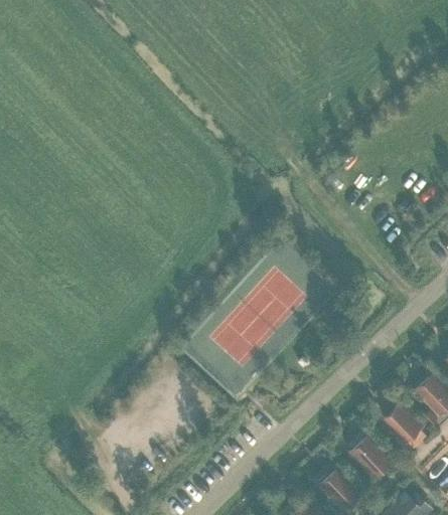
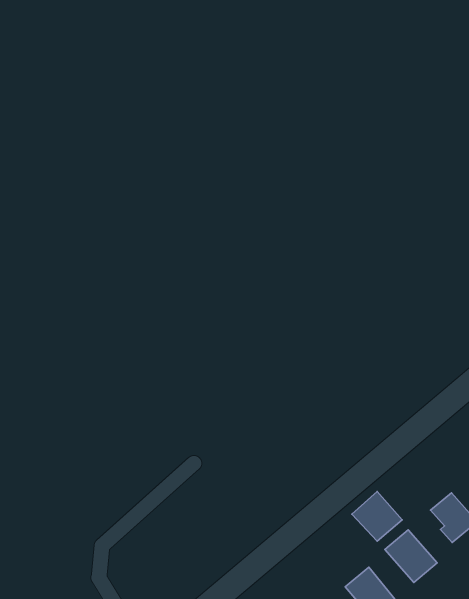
building: none -> [352,492,402,541]

